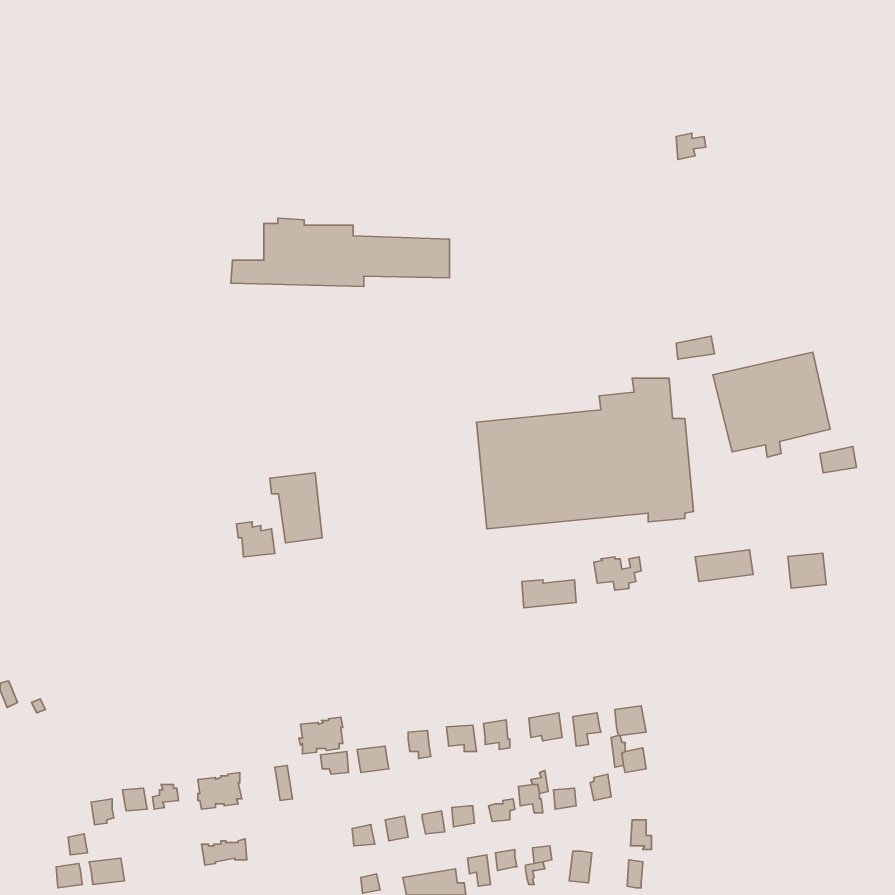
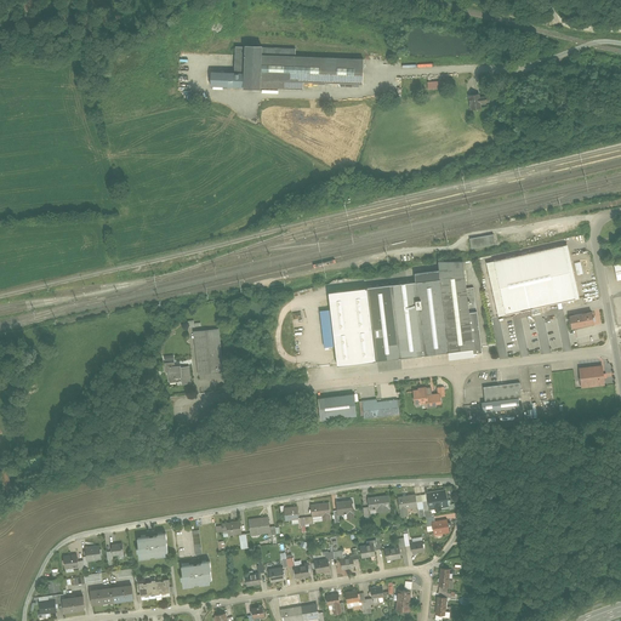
building: [231,218,450,287] -> [210,41,361,89]
building: [788,553,826,588] -> [577,364,604,388]
building: none -> [319,397,357,422]
building: [299,717,343,754] -> [181,562,211,587]
building: none -> [90,583,135,605]

